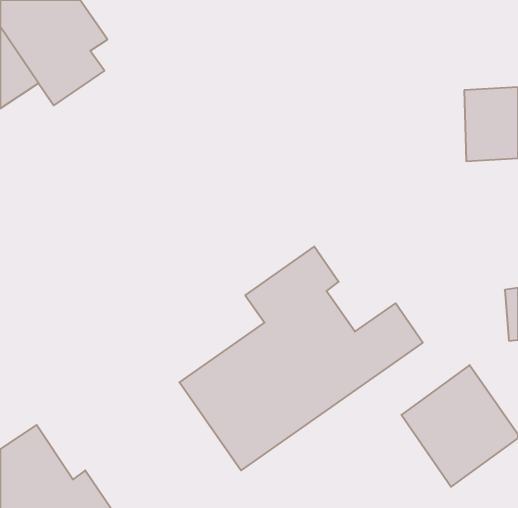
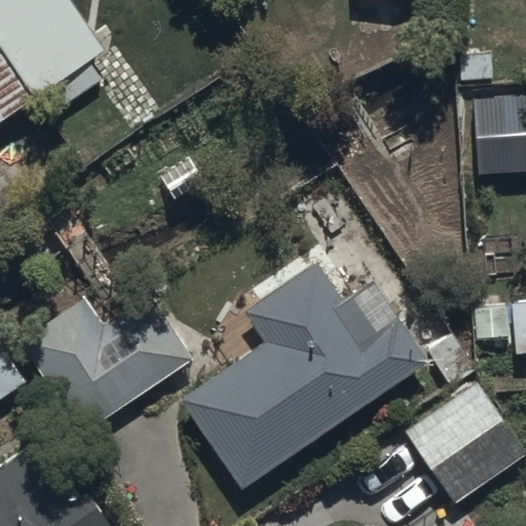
building: none -> [20,295,194,436]

